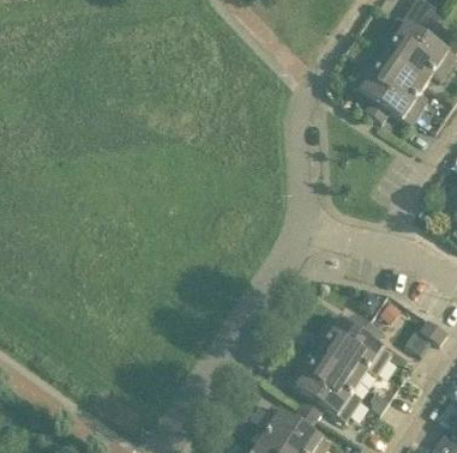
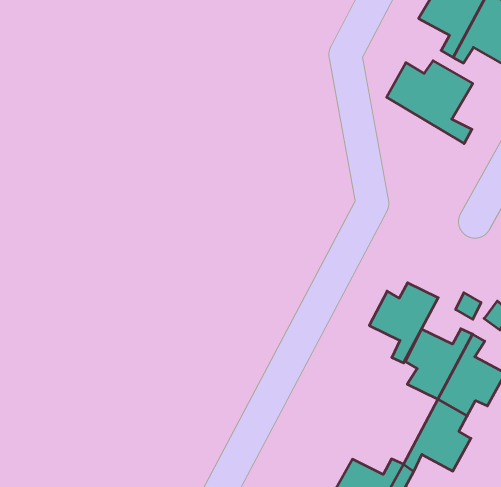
building: none -> [387,61,473,144]
building: [285,352,338,411] -> [369,283,438,363]

